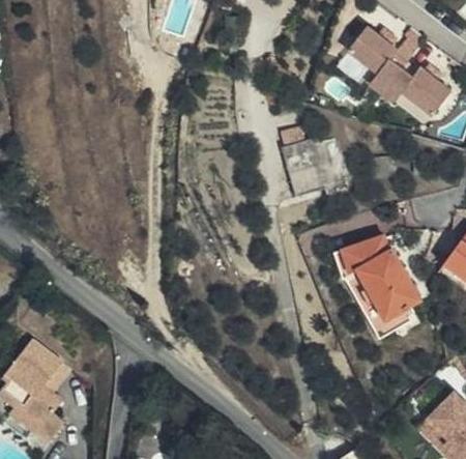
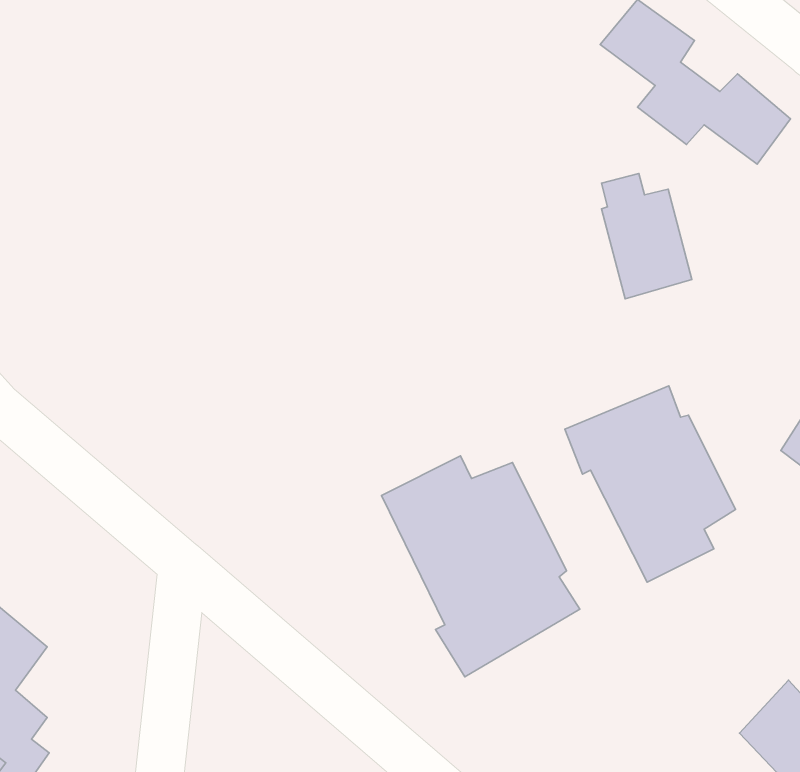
building: [283,123,330,190] -> [601,173,692,299]
building: none -> [381,456,580,677]

